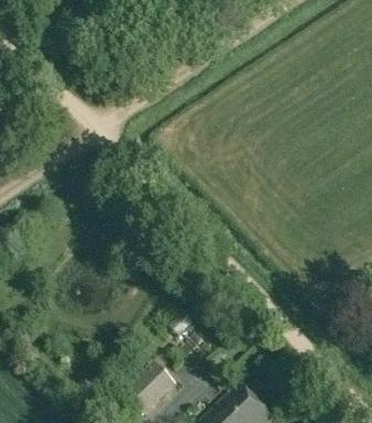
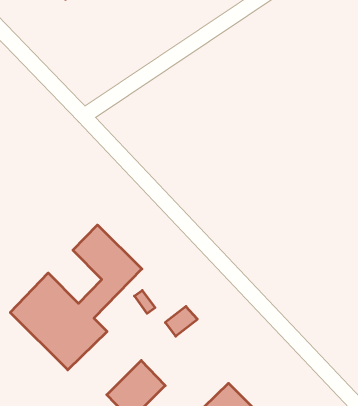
building: none -> [10,225,142,370]

